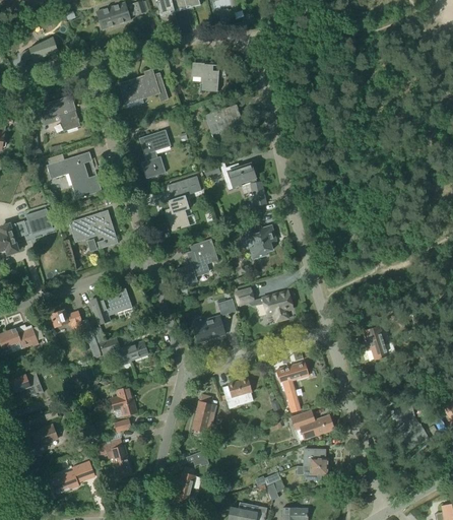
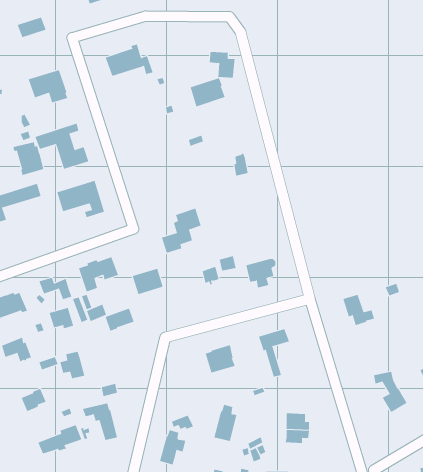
building: [192,63,219,90] -> [209,51,235,78]
building: [138,129,170,178] -> none
building: [219,161,257,189] -> none
building: none -> [13,141,44,176]
building: [165,175,201,231] -> none
building: [243,223,273,258] -> none
building: [192,314,224,341] -> [132,268,164,295]
building: none -> [49,307,74,329]
building: [111,386,137,414] -> [59,351,85,379]
building: [191,393,215,432] -> [214,404,237,442]
building: [292,410,333,438] -> none

